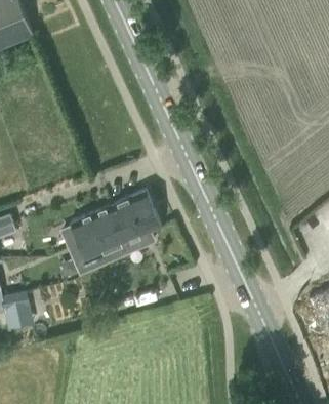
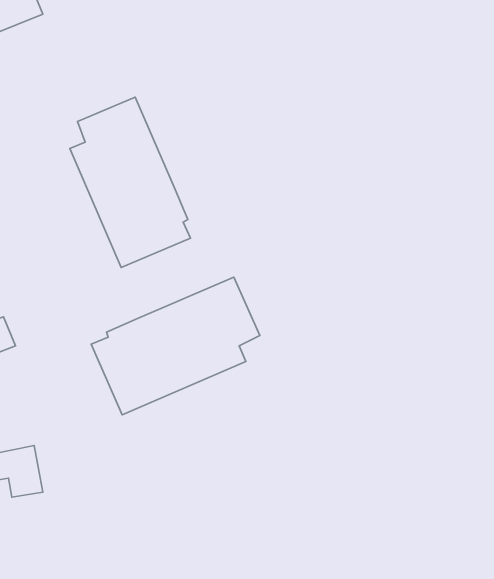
building: none -> [70,97,191,267]

